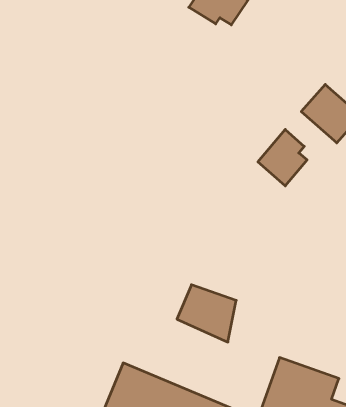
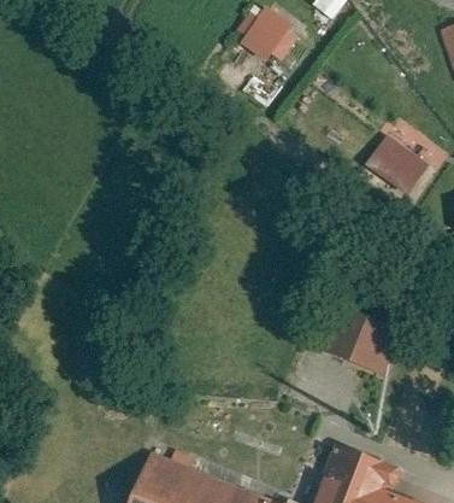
building: [258,129,307,186] -> none
building: [177,285,236,342] -> [325,308,394,374]

